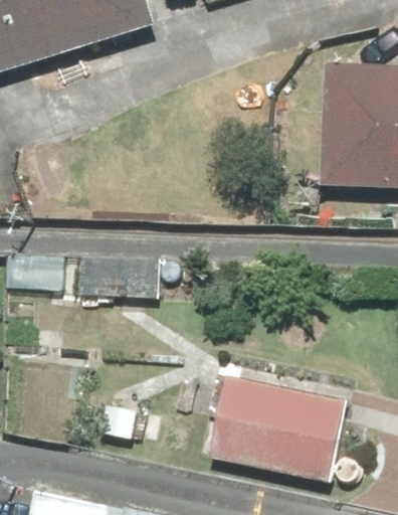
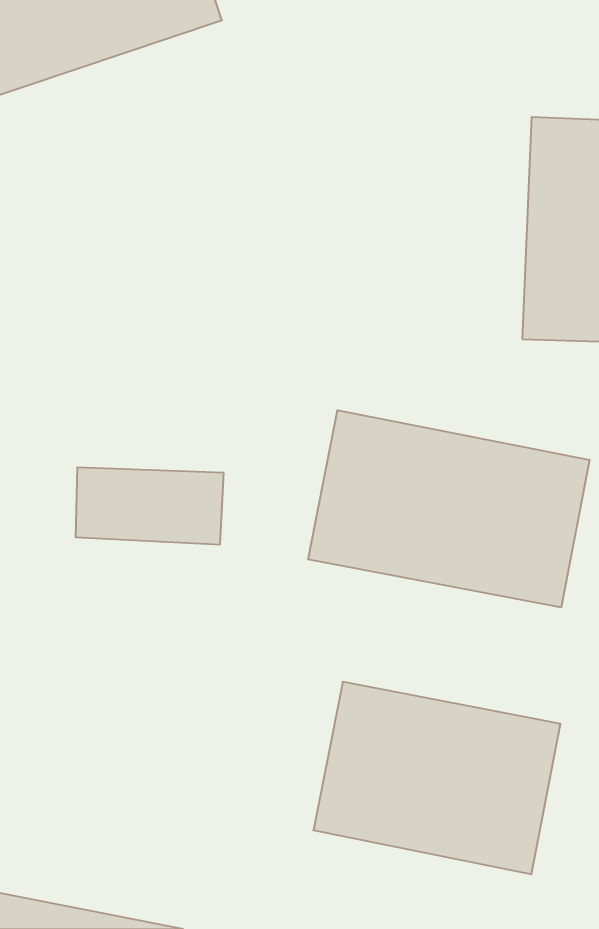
building: none -> [308,410,589,607]

